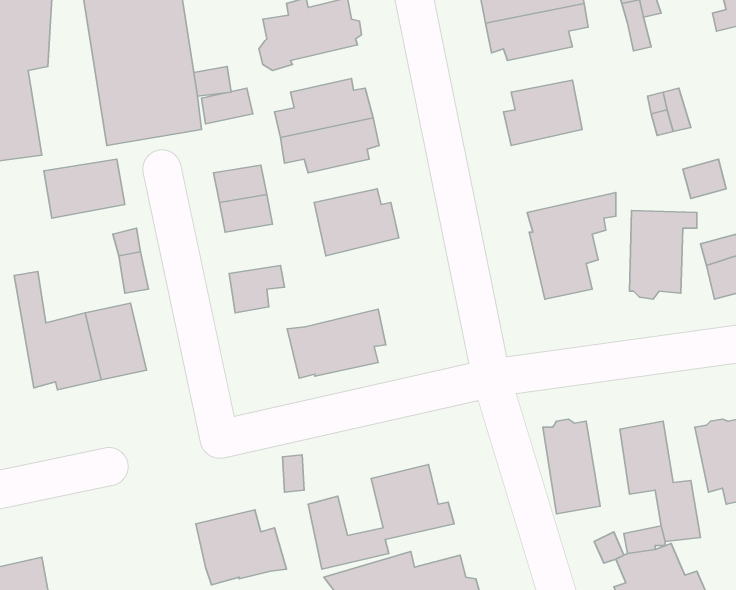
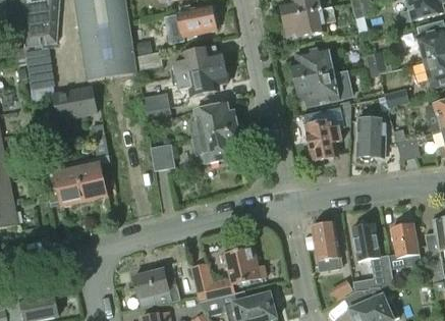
building: none -> [296,69,348,105]
building: [287,309,386,378] -> [191,128,242,164]

